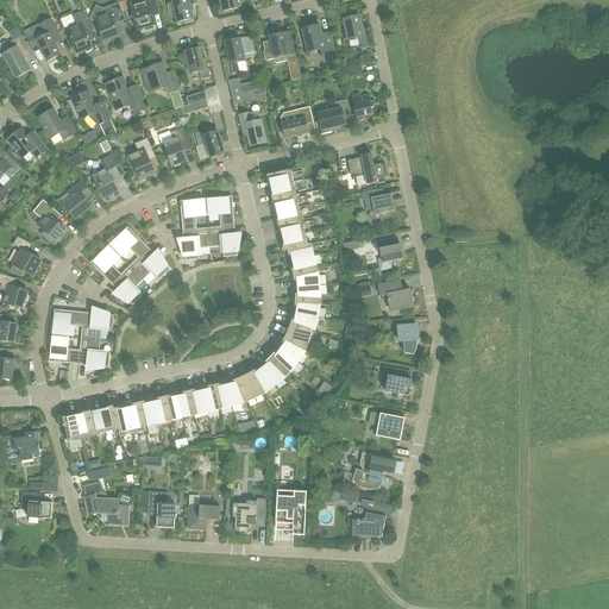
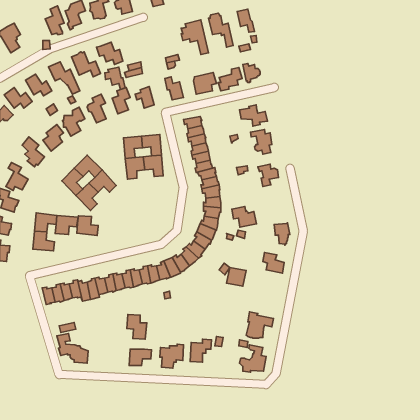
building: [26,17,59,59] -> none
building: [224,33,253,71] -> none
building: [178,45,208,77] -> [105,67,125,89]
building: [377,280,413,309] -> [232,207,256,227]
building: [77,337,108,365] -> [77,216,98,235]
building: [375,412,403,439] -> [226,267,246,286]
building: [12,429,39,458] -> none
building: [20,490,51,516] -> none
building: [146,490,175,526] -> [127,314,147,339]

